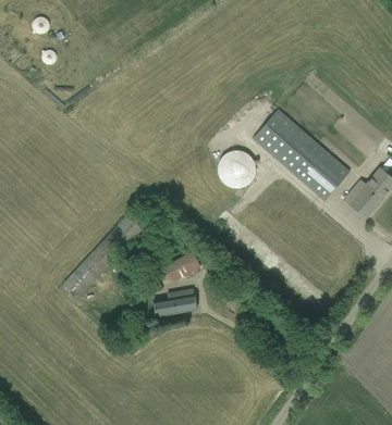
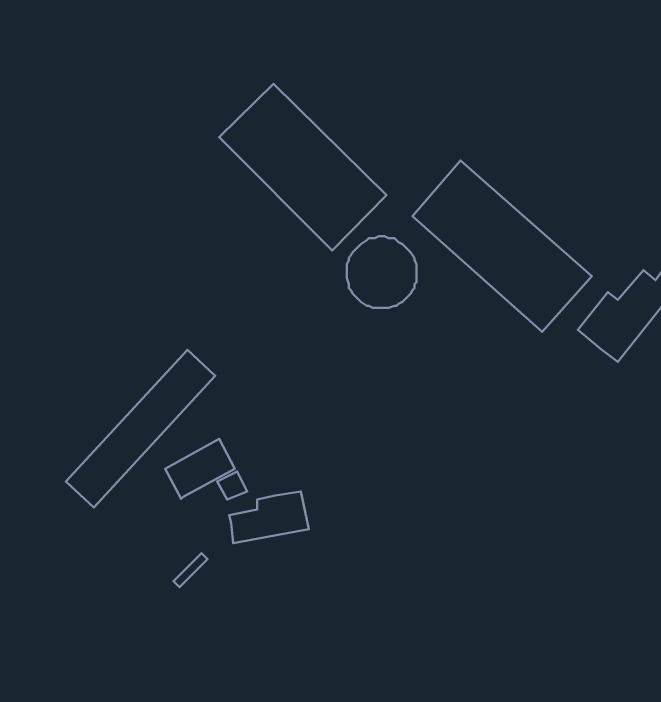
building: none -> [219,84,387,251]
building: [162,250,200,283] -> [165,439,235,499]

